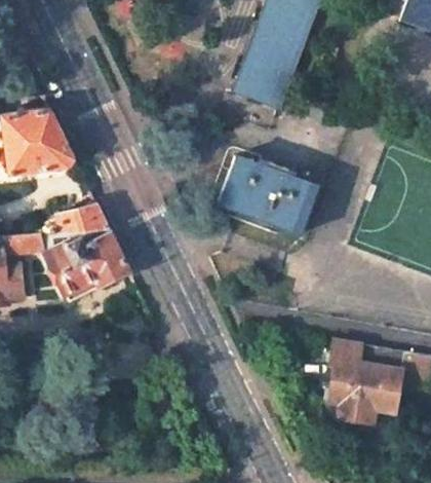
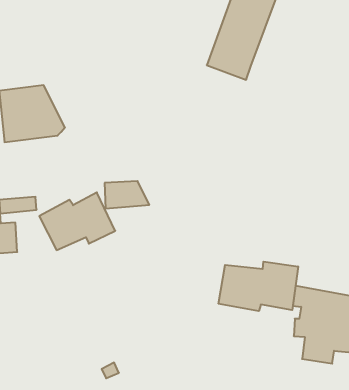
building: [219,155,319,232] -> none
building: [61,206,111,236] -> [105,181,149,208]
building: none -> [219,262,298,311]

